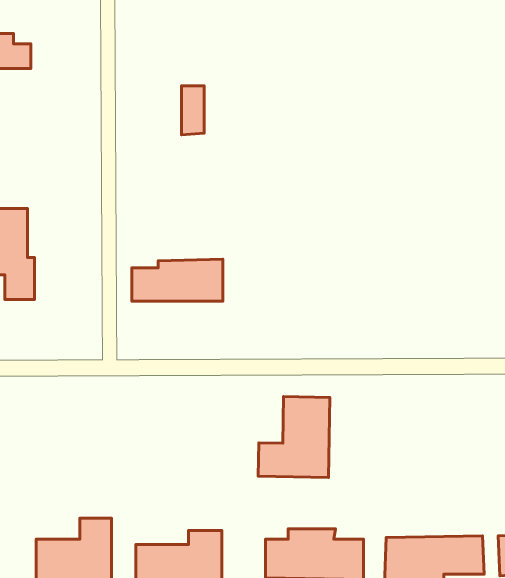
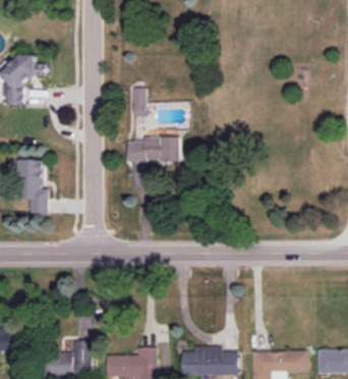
building: [132,259,223,301] -> [127,137,180,161]
building: [258,397,330,477] -> none

